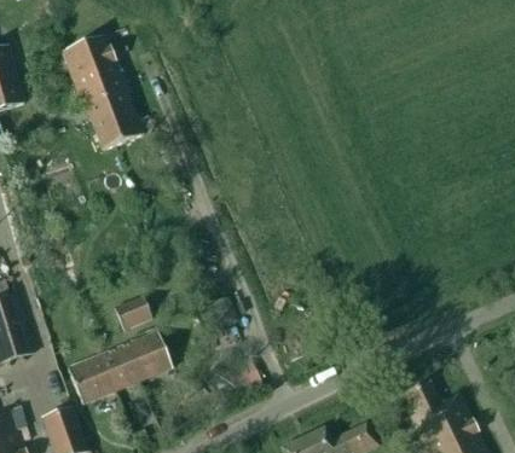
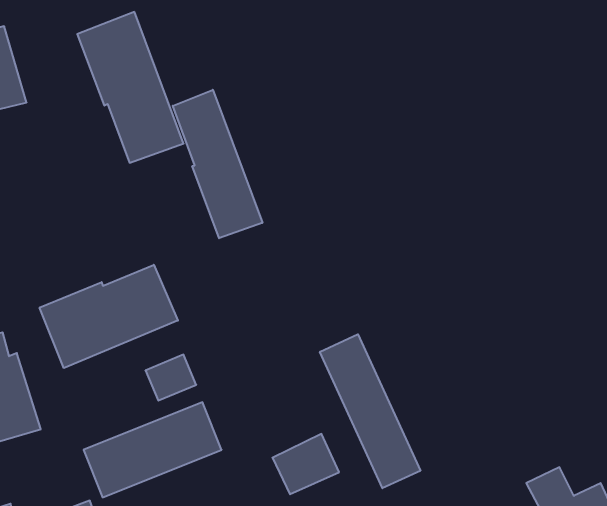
building: none -> [173,90,262,238]
building: none -> [40,265,178,368]
building: none -> [320,334,420,488]

